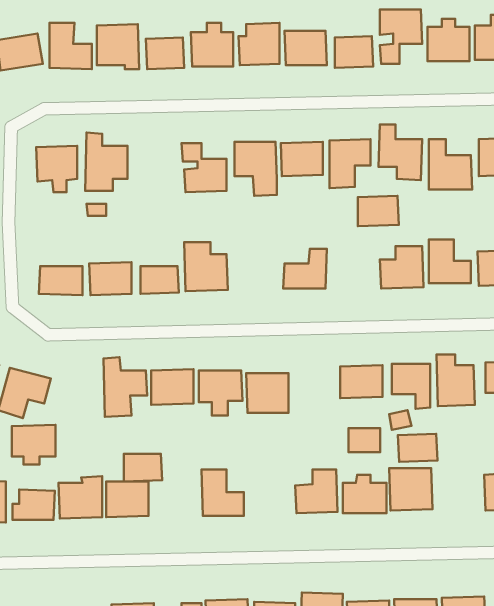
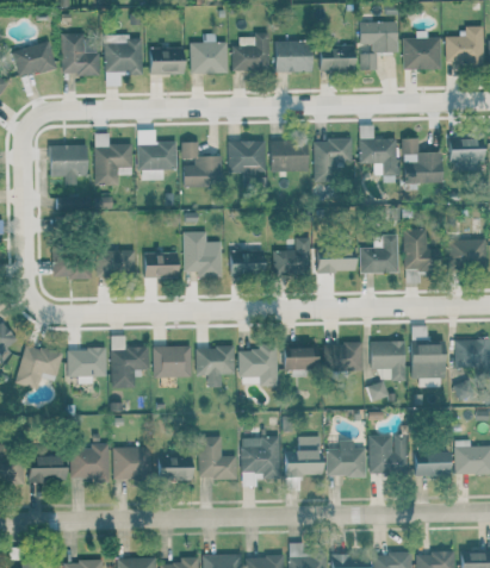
building: none -> [138,129,176,180]
building: [358,196,399,226] -> [317,245,354,273]
building: none -> [229,250,263,275]
building: [12,425,55,464] -> [67,348,106,383]
building: [348,428,380,452] -> [283,348,311,369]
building: [398,434,437,462] -> [413,450,448,475]
building: [124,454,162,481] -> [156,454,191,479]
building: none -> [240,437,279,486]

